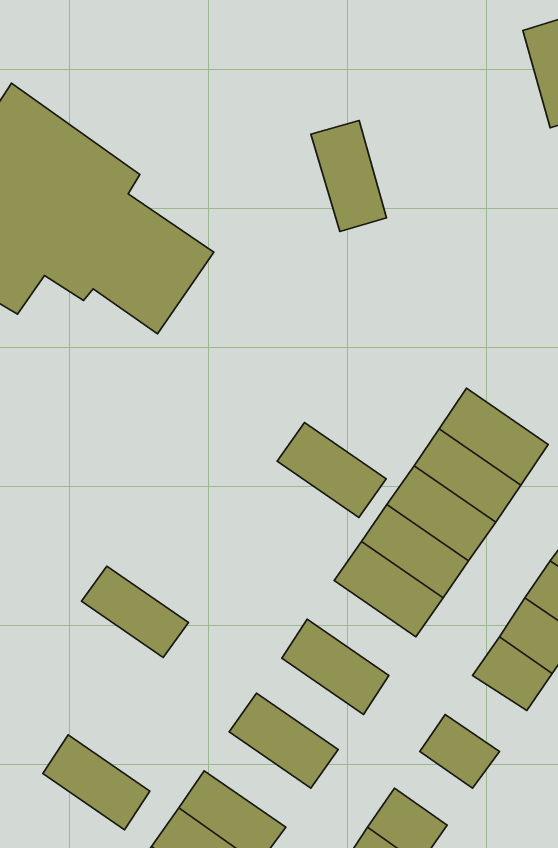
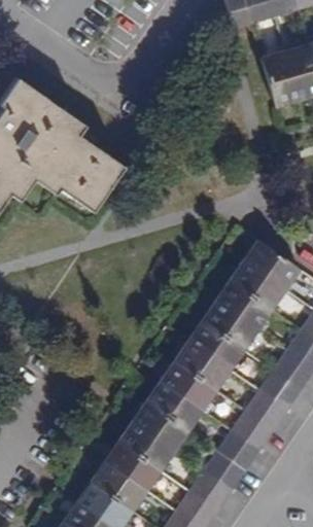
building: [311,121,387,231] -> [263,49,303,108]
building: [277,422,386,518] -> [174,341,232,391]
building: [82,566,189,658] -> [147,382,204,430]
building: none -> [247,391,290,431]
building: [43,735,150,830] -> [119,421,176,471]
building: none -> [220,431,262,470]

